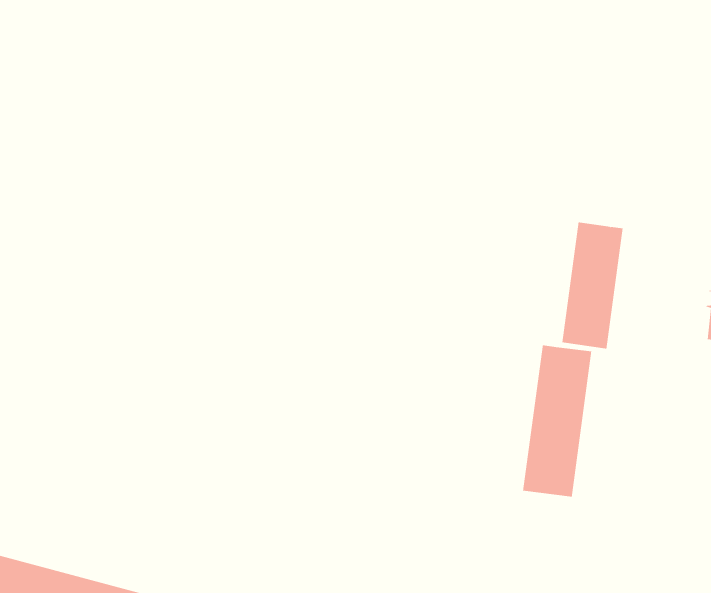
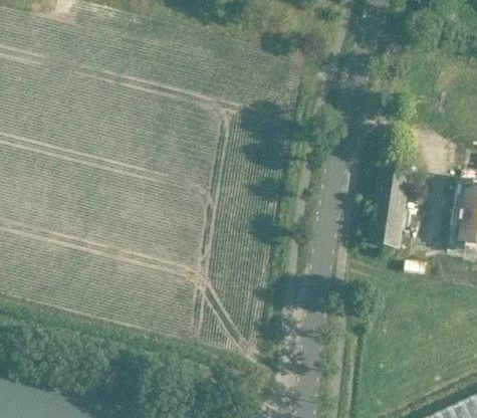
building: [523,345,592,498] -> none

